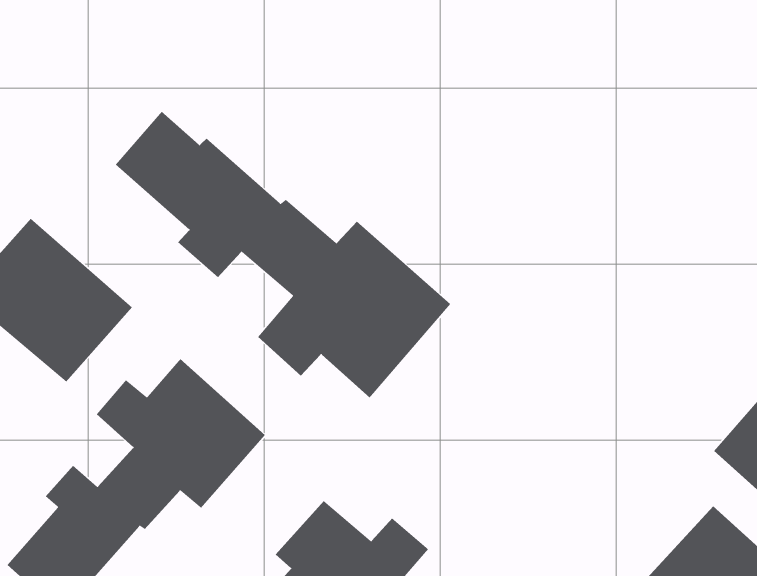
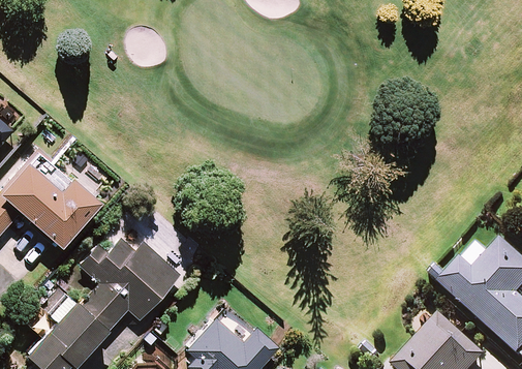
building: [115,111,451,398] -> none

